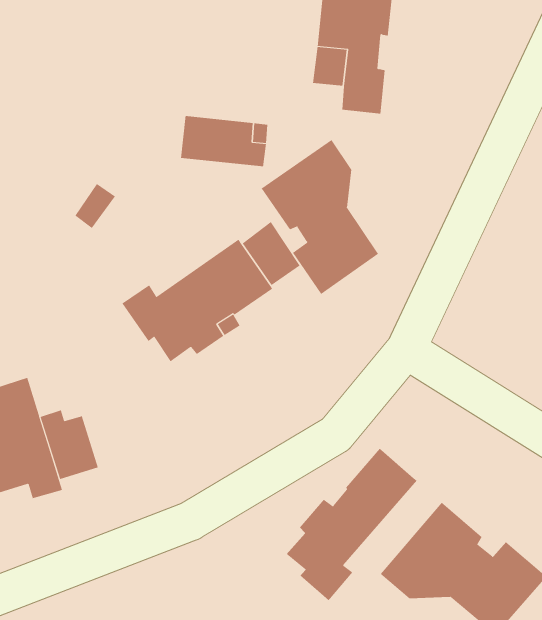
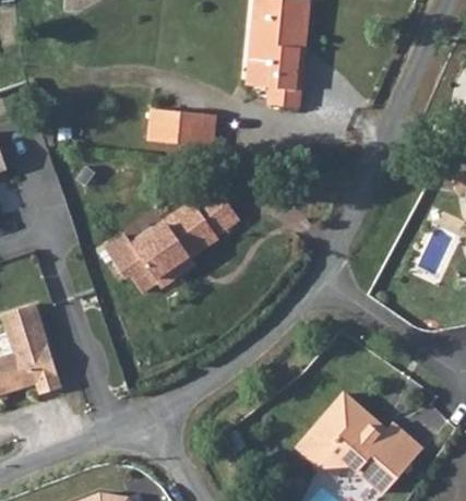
building: [261,139,379,295] -> none
building: [40,409,98,480] -> none
building: [286,448,417,601] -> none

